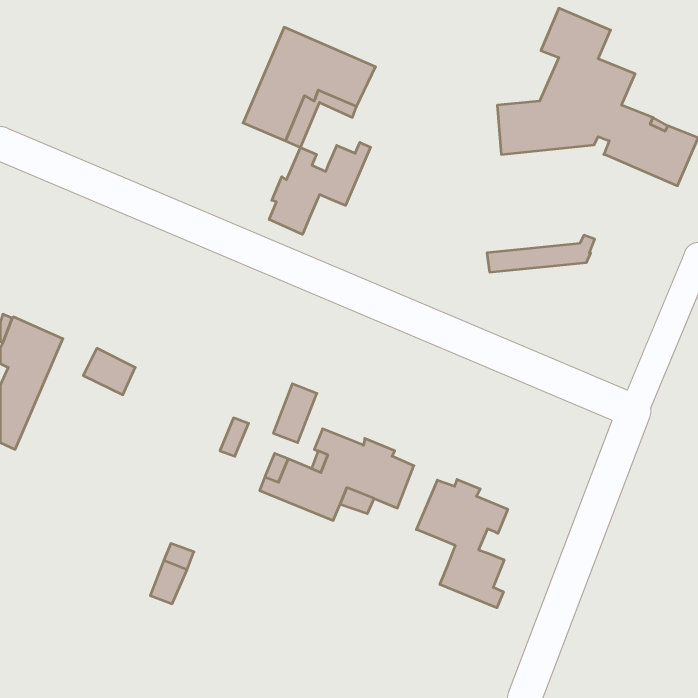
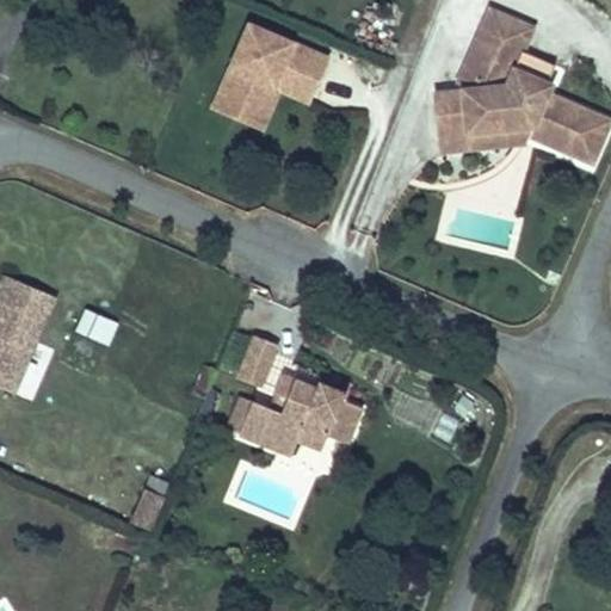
building: [269,142,371,234] -> none
building: [487,235,595,272] -> [438,119,532,152]
building: [416,479,508,608] -> none

